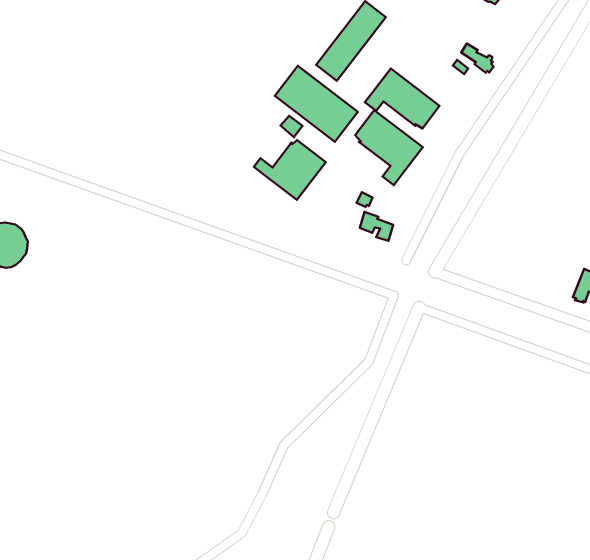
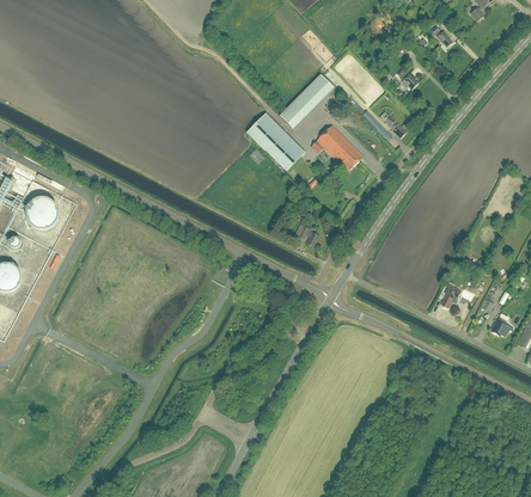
building: [355,110,423,185] -> none
building: [254,140,326,200] -> none

